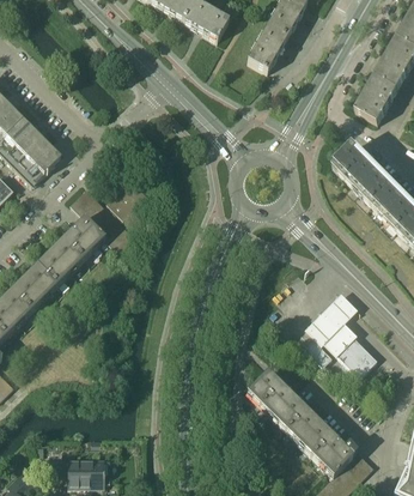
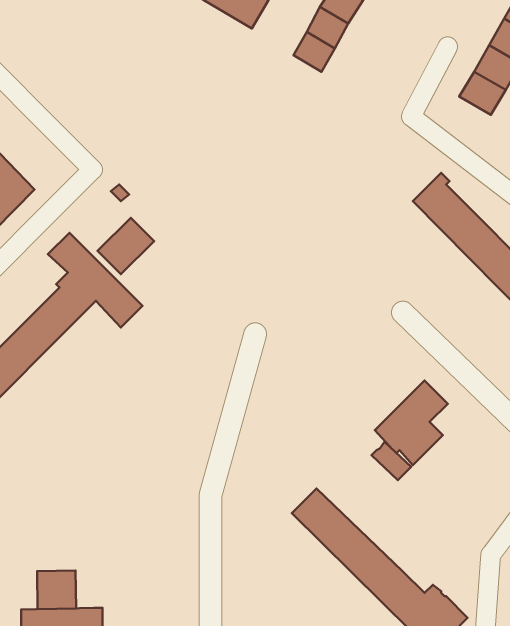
building: [355,89,390,121] -> none
building: [336,334,377,376] -> none
building: none -> [37,570,76,609]

